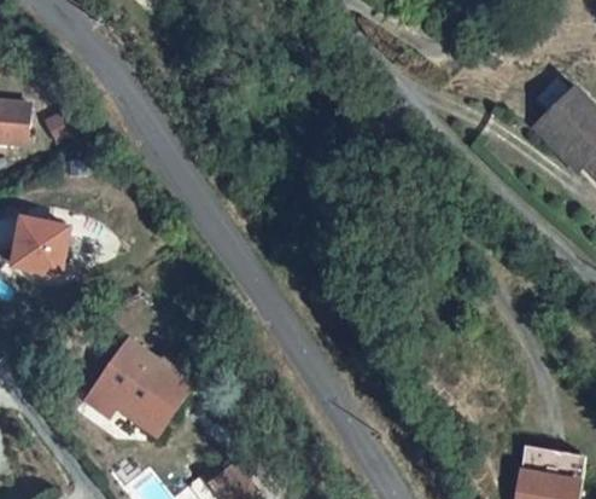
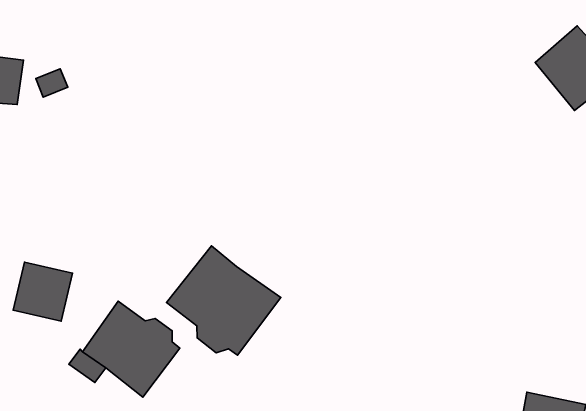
building: [14,219,72,277] -> [13,262,72,321]
building: none -> [167,246,281,355]

